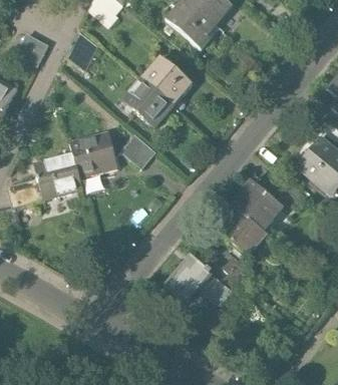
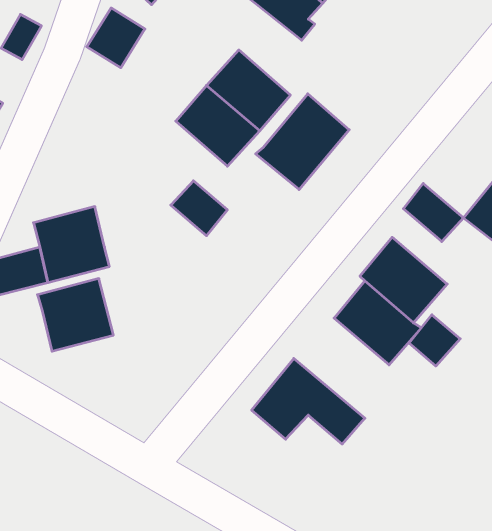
building: none -> [256,94,349,190]
building: [69,132,116,177] -> [37,279,113,351]
building: none -> [403,183,464,242]
building: none -> [409,315,460,366]

